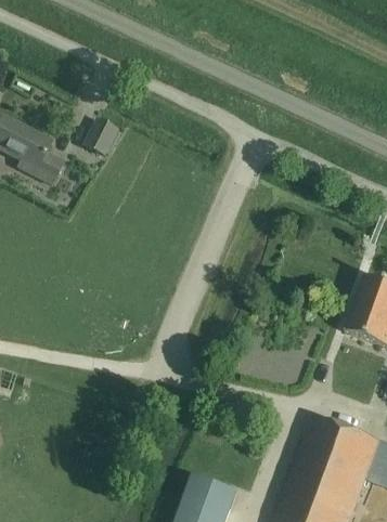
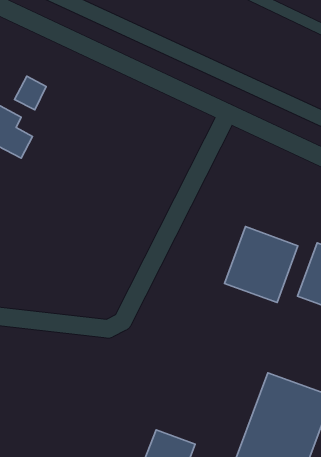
building: [83,119,117,155] -> [14,76,46,110]
building: none -> [225,227,298,303]

